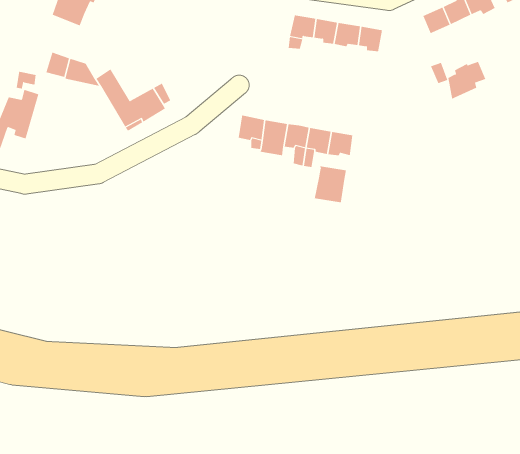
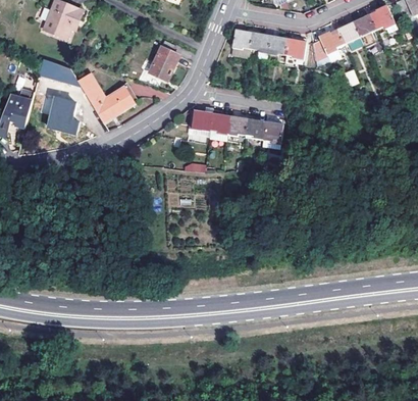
building: none -> [149,40,179,80]
building: [448,61,486,100] -> [313,30,344,60]
building: none -> [49,98,80,135]
building: [314,166,347,203] -> none

